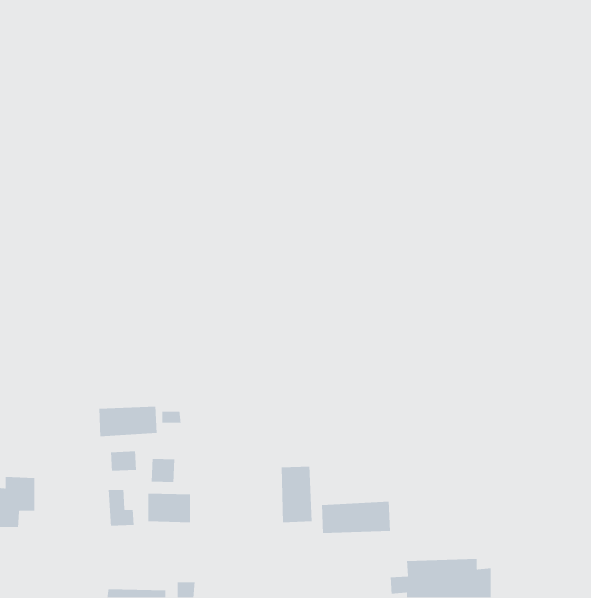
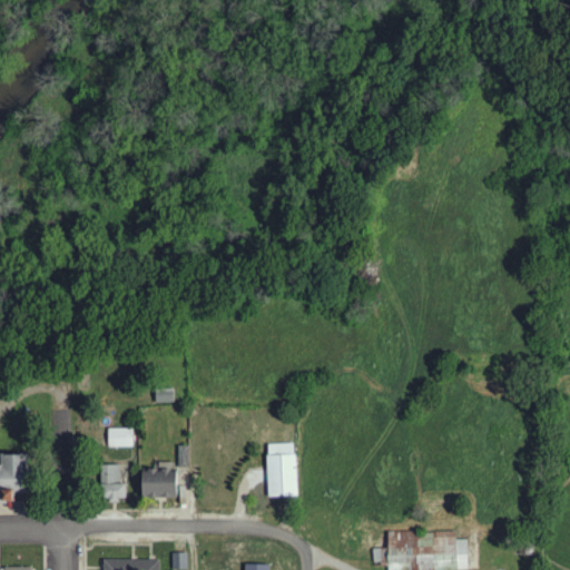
building: [98,406,158,437] -> none
building: [151,458,175,483] -> none
building: [321,501,391,534] -> none

